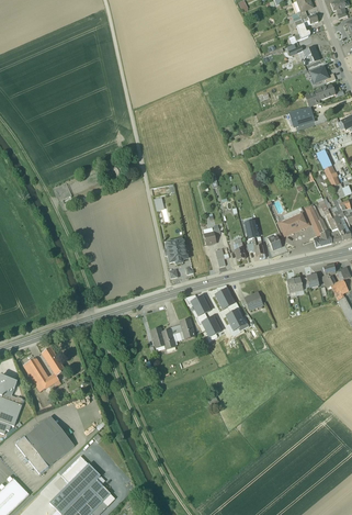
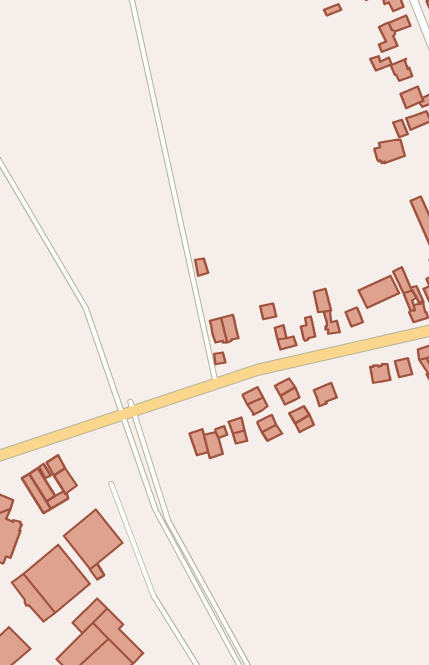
building: none -> [64,510,122,569]

